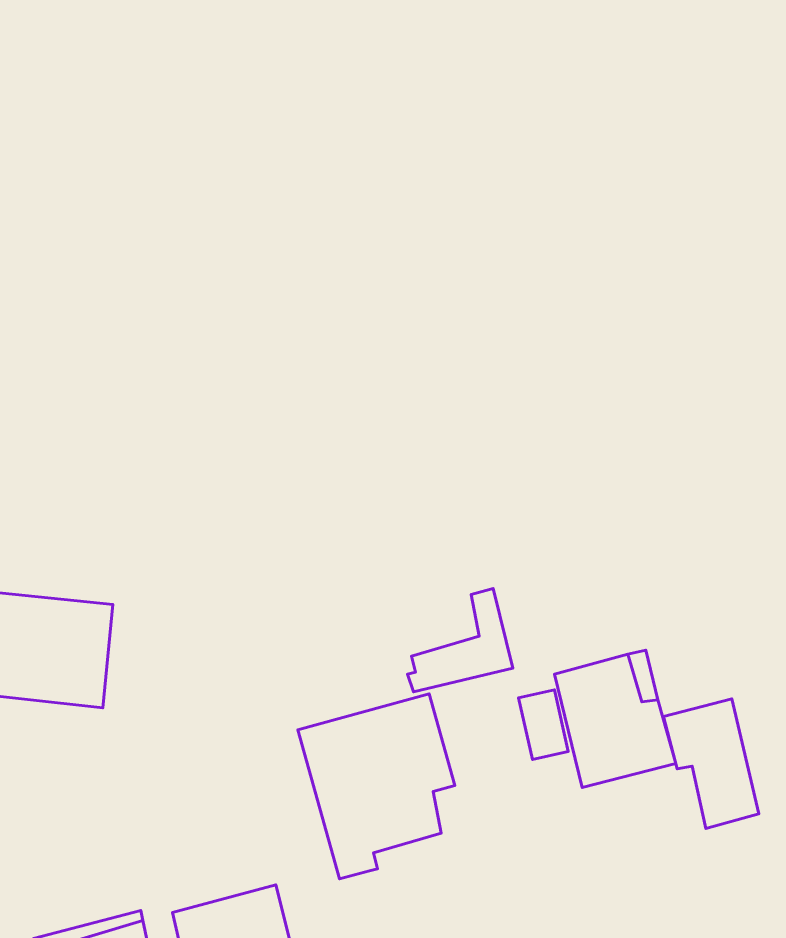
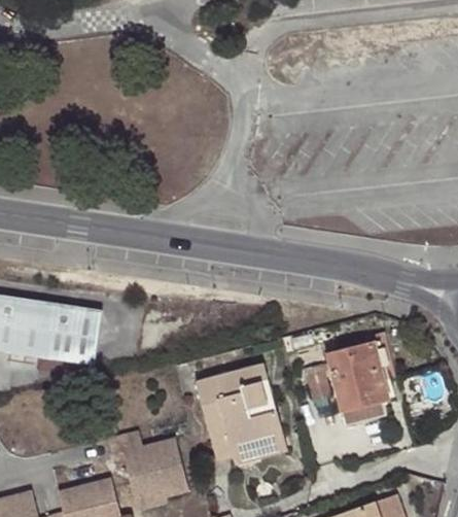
building: [408,589,513,692] -> [231,410,285,463]
building: [664,699,759,828] -> none
building: none -> [107,430,182,476]

